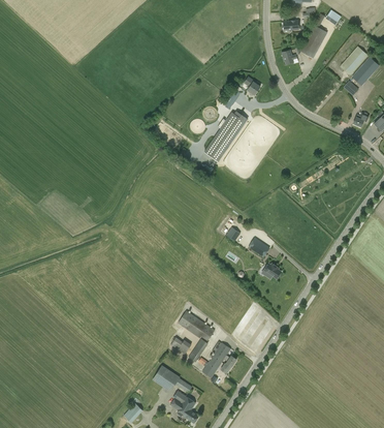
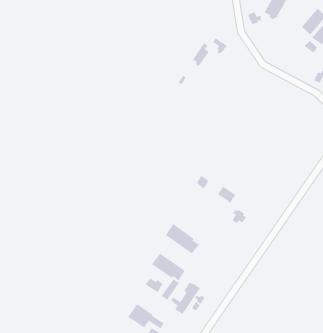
building: [205,112,248,162] -> none
building: none -> [165,223,200,254]

